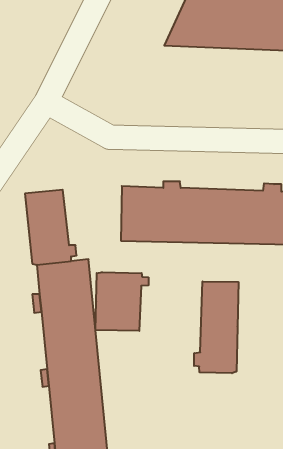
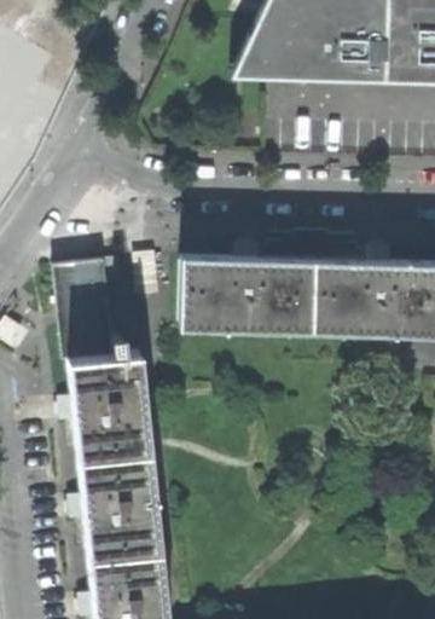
building: [96,272,148,331] -> none
building: [194,281,238,373] -> none

